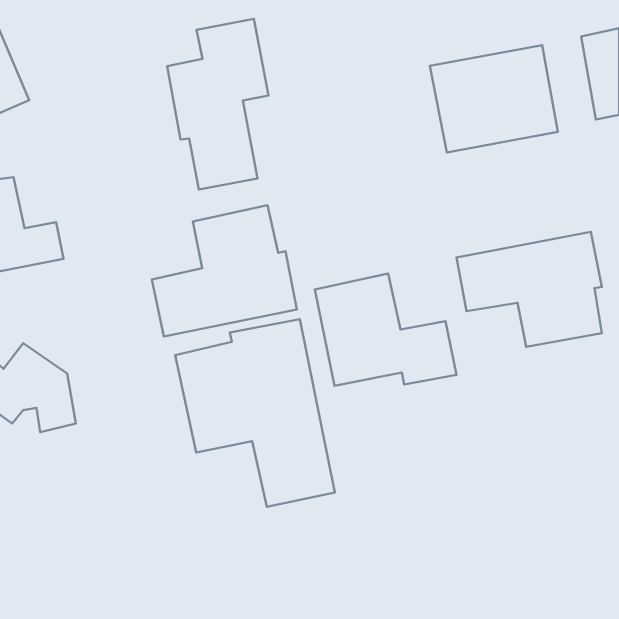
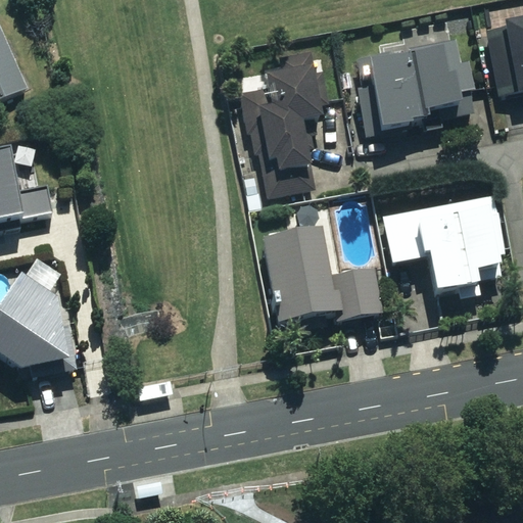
building: [167,19,269,190] -> [240,52,325,195]
building: [152,205,297,336] -> none
building: [175,319,335,507] -> none

